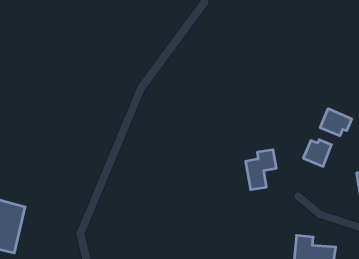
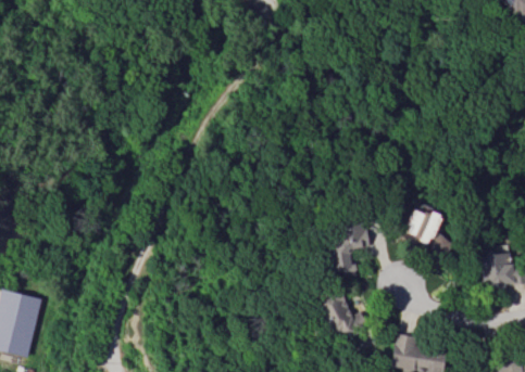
building: [320,109,352,136] -> none
building: none -> [315,288,366,342]

